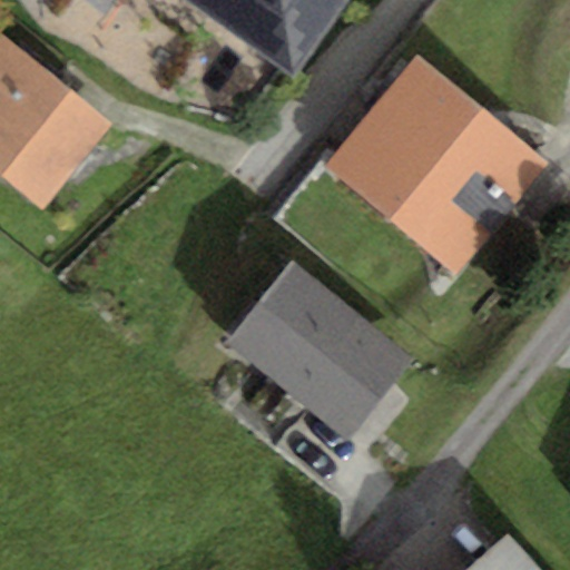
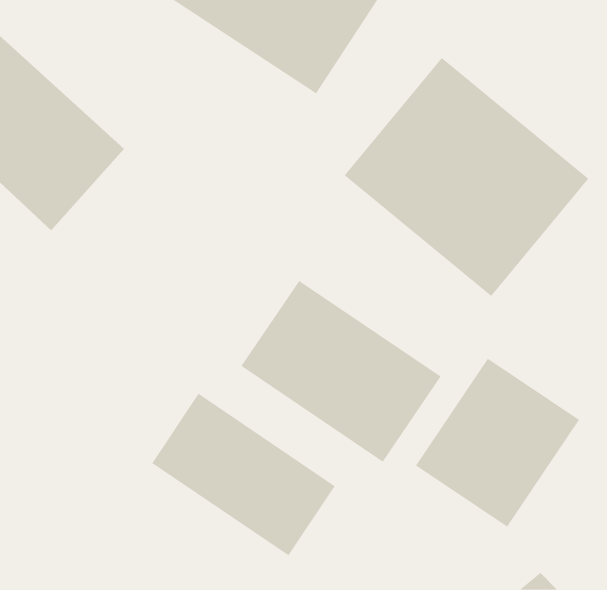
building: none -> [415,358,580,528]
building: none -> [151,393,336,556]

